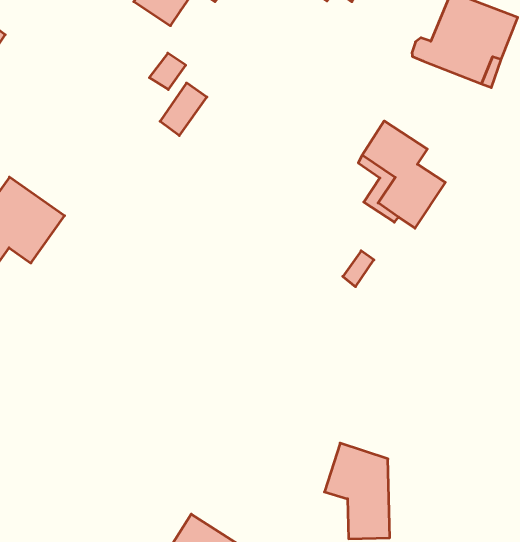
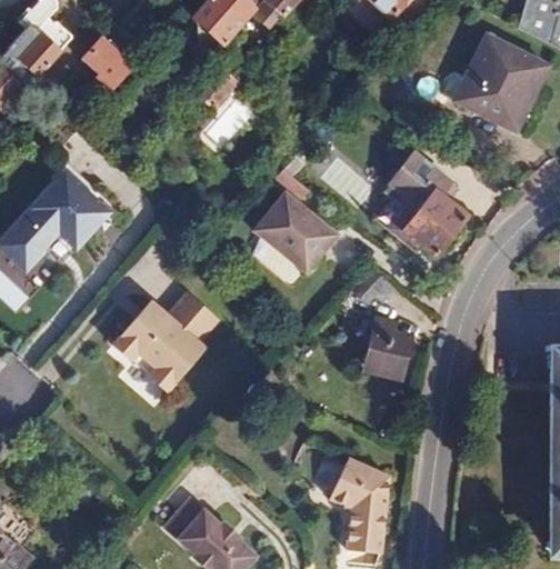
building: none -> [81,34,130,82]
building: none -> [256,187,337,268]
building: none -> [103,290,218,393]
building: none -> [371,318,414,373]

